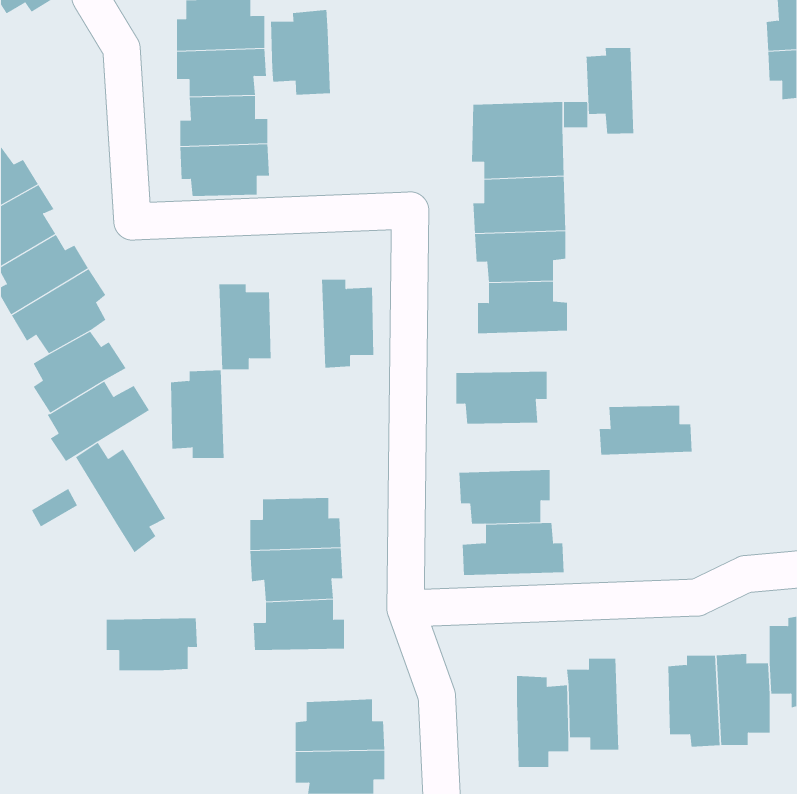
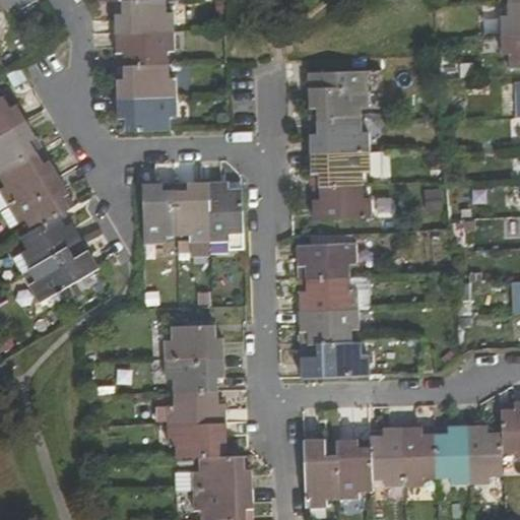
building: [271,9,330,96] -> none
building: [586,47,634,134] -> none
building: [170,370,225,459] -> [176,182,211,240]
building: [599,405,693,455] -> [298,275,359,308]
building: [75,442,166,553] -> none
building: [106,618,198,671] -> [166,422,225,457]
building: none -> [401,428,436,489]
building: none -> [303,441,337,506]

